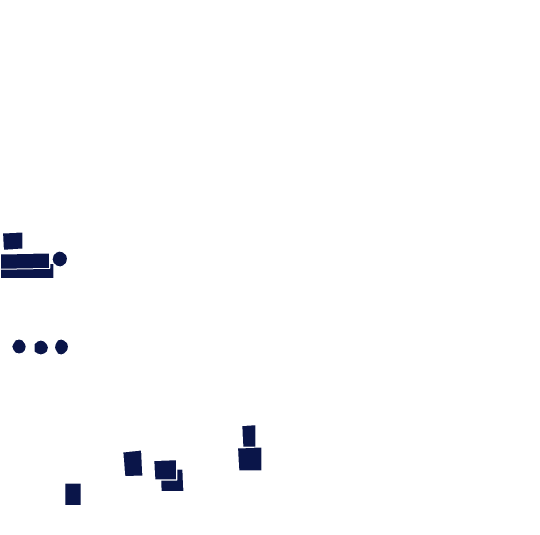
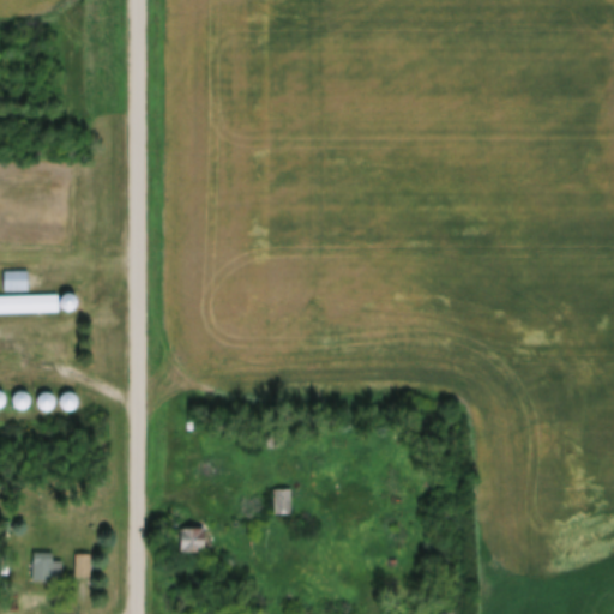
building: [238,447,262,471] -> none
building: [123,450,143,477] -> none
building: none -> [32,552,62,579]

